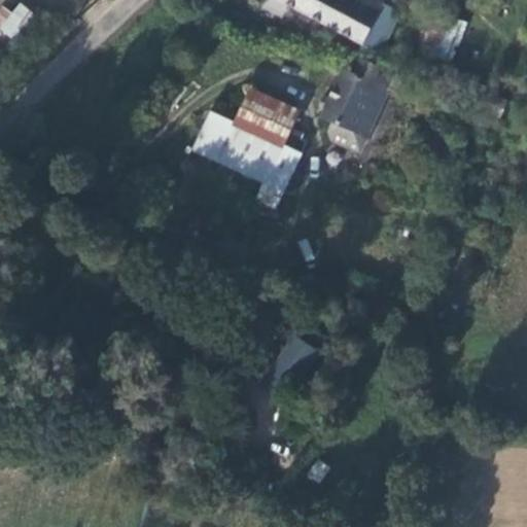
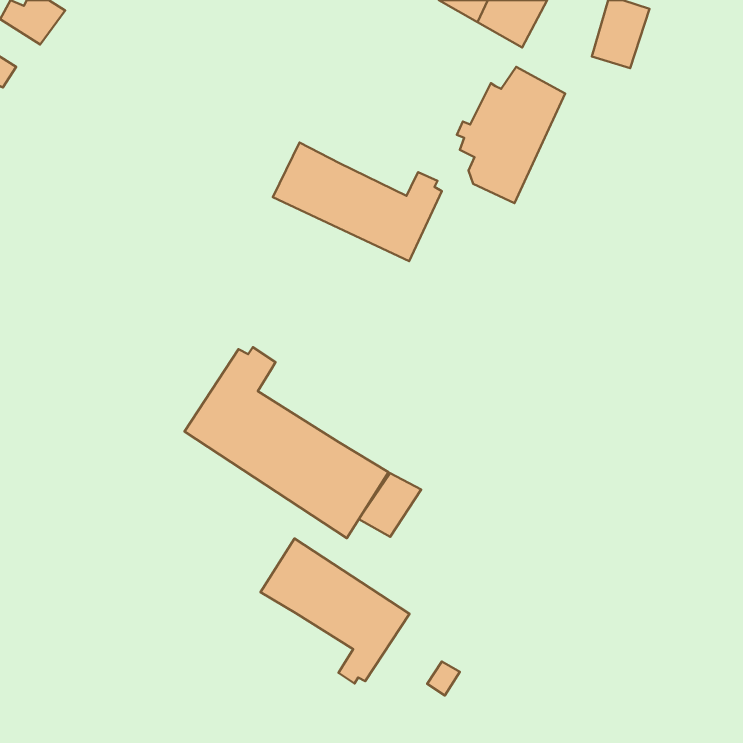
building: [236,91,298,146] -> none
building: none -> [184,347,389,538]
building: none -> [260,538,409,683]

